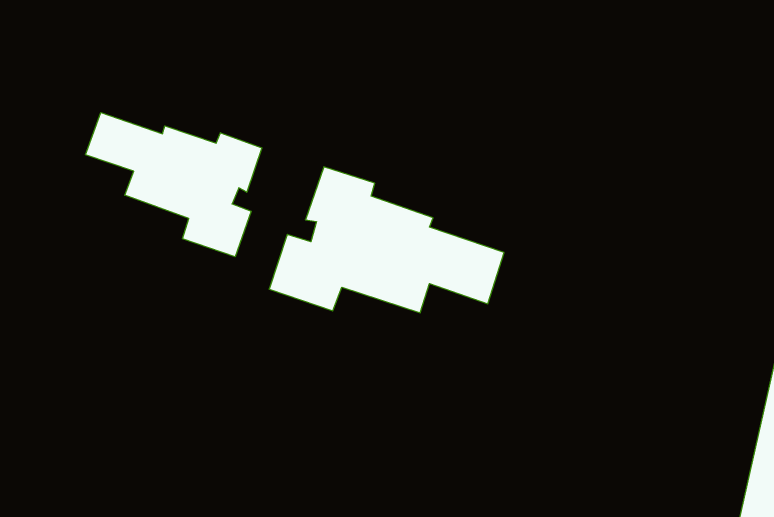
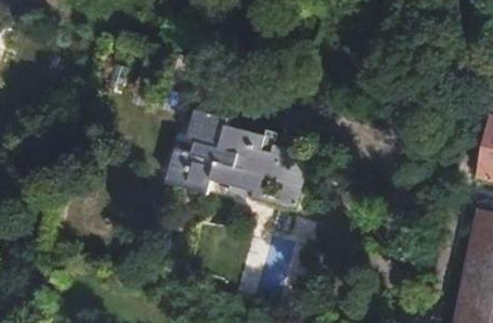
building: [86,113,262,257] -> none

